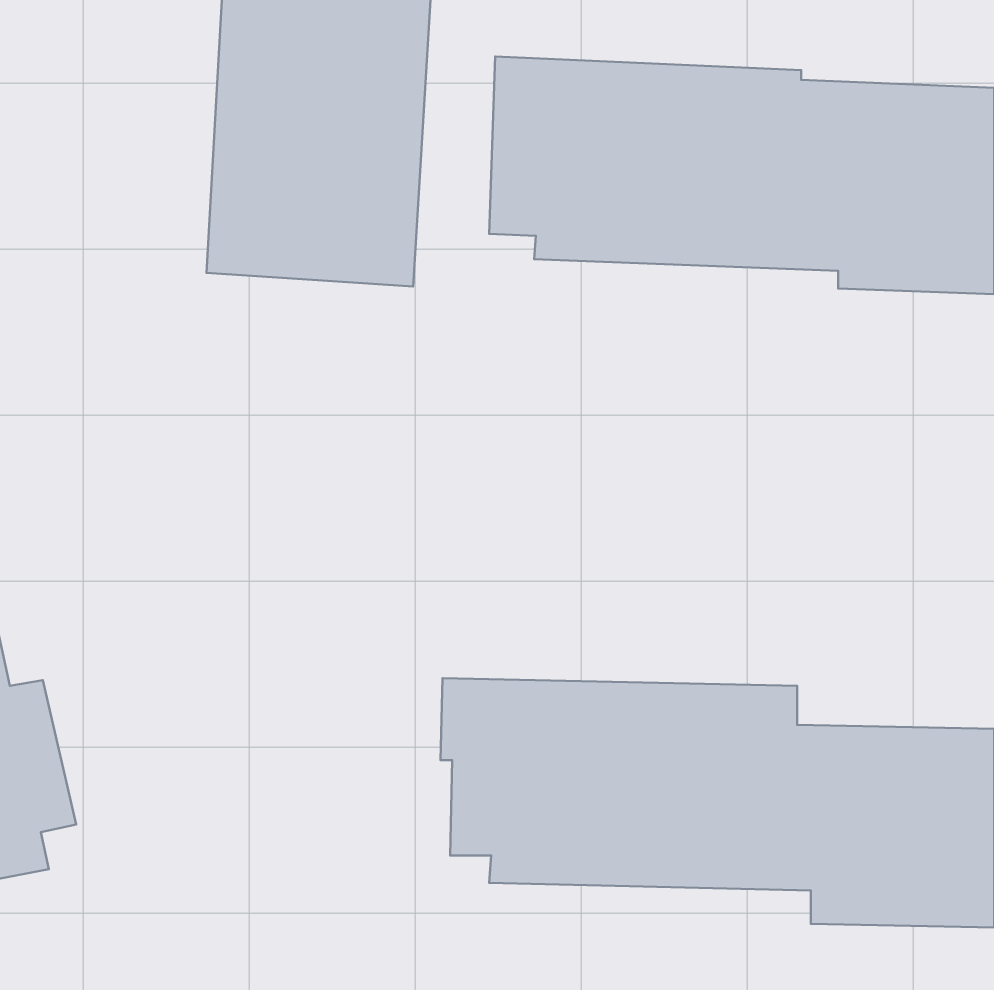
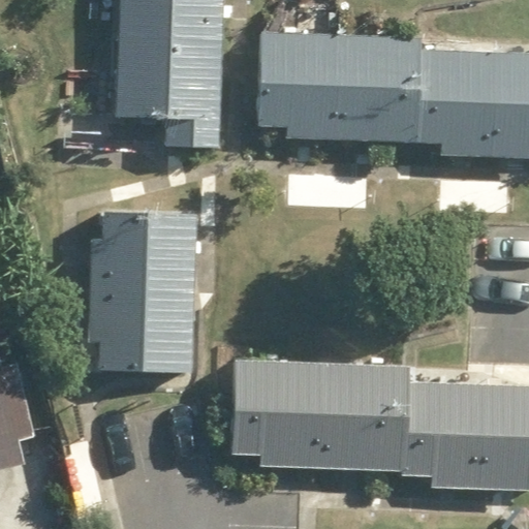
building: none -> [88,200,200,371]

